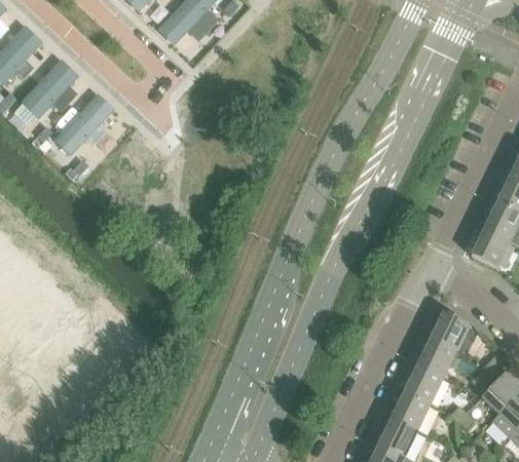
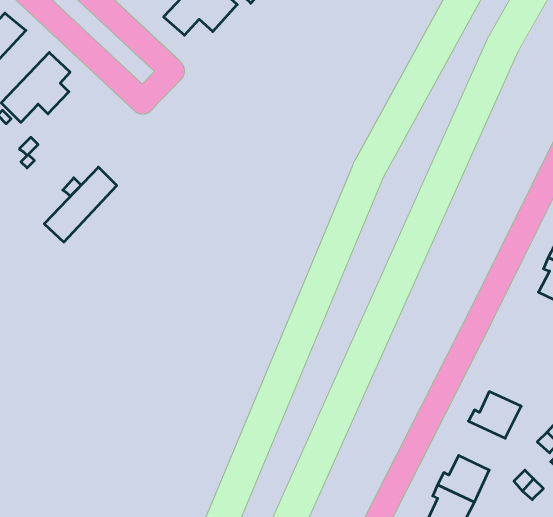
building: [52,91,113,154] -> [44,167,117,242]
building: [430,312,469,353] -> none
building: [404,365,443,407] -> none

